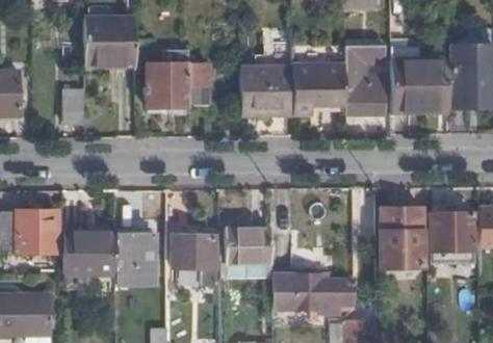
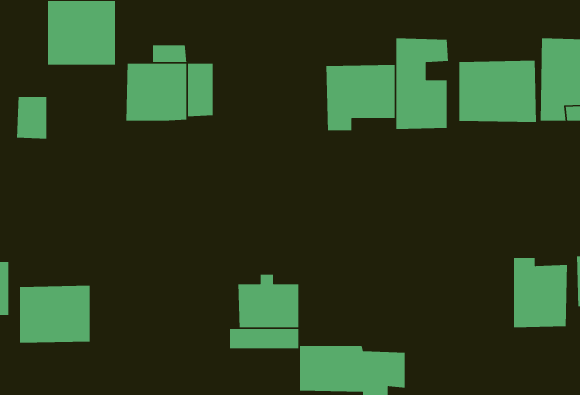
building: [240,65,293,114] -> none
building: [382,208,420,268] -> none
building: [118,234,155,283] -> none
building: [172,235,215,284] -> none

